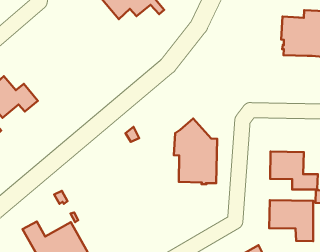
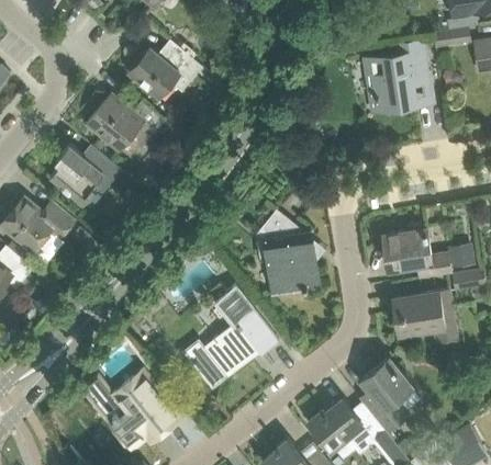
building: none -> [87,95,164,149]
building: none -> [48,145,121,205]
building: none -> [181,284,278,388]

